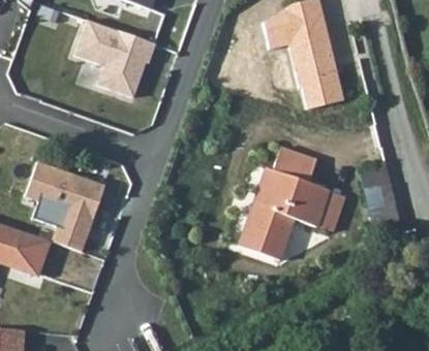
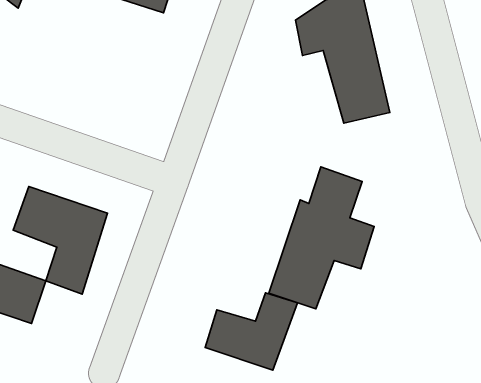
building: [70,20,155,101] -> none
building: none -> [205,293,297,370]

